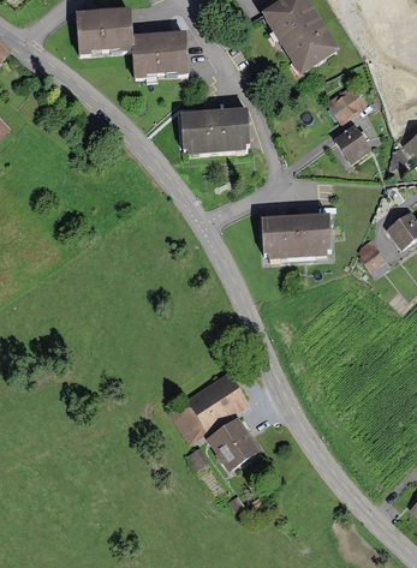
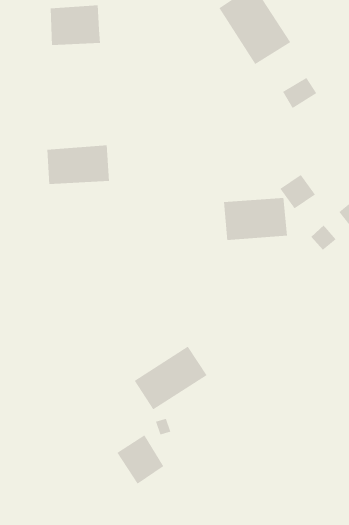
building: [132,32,189,77] -> none
building: [181,110,249,153] -> [46,145,110,185]
building: [332,126,370,163] -> [280,174,316,209]
building: [205,417,256,470] -> [117,435,164,484]

